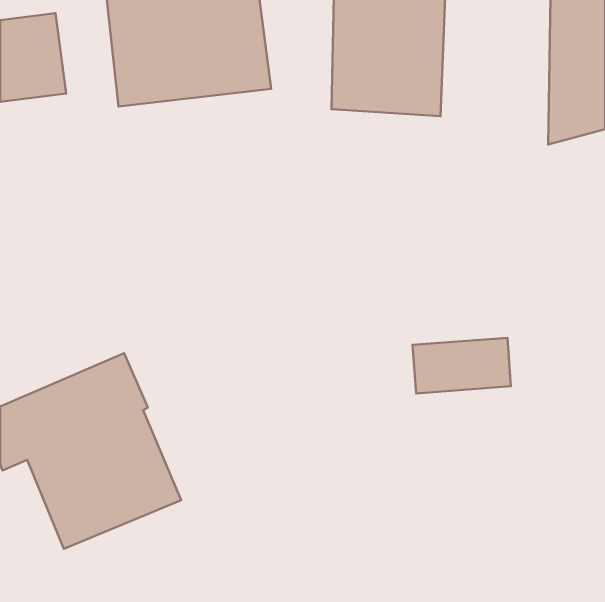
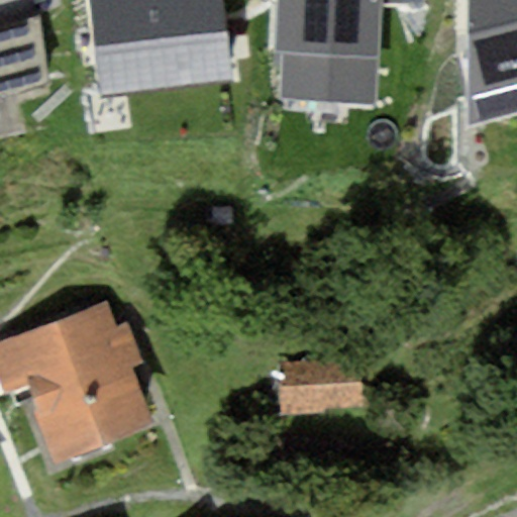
building: [413,338,511,393] -> [280,361,364,409]

